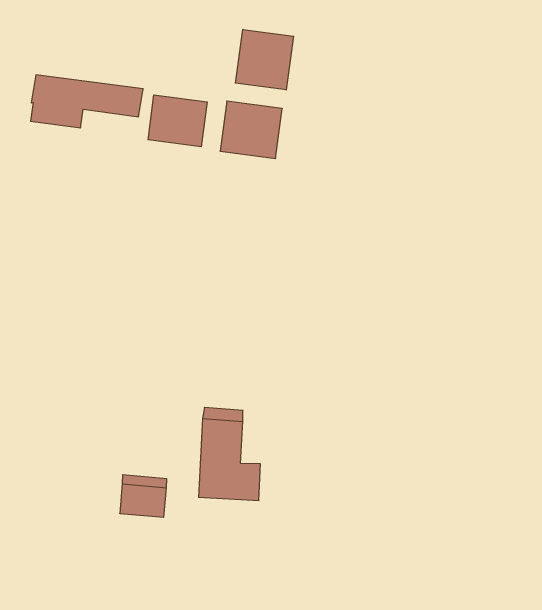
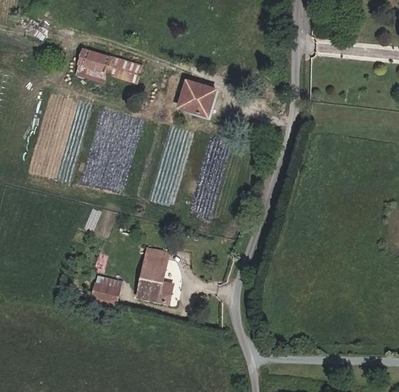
building: [235,29,294,90] -> none
building: [148,95,207,147] -> none

